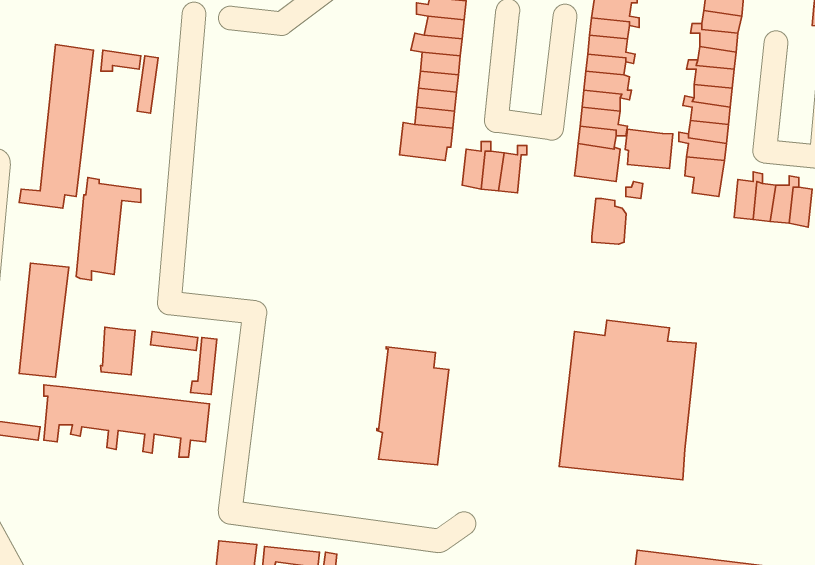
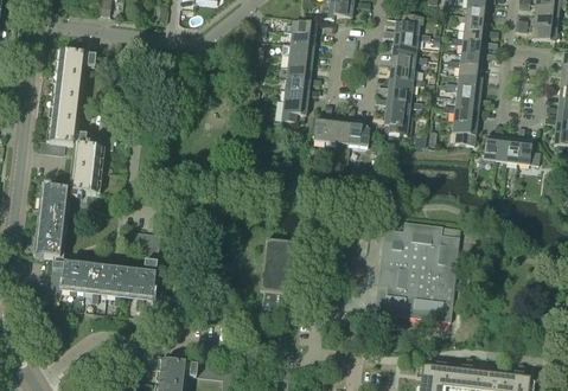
building: [625,129,673,169] -> none
building: [592,199,626,244] -> [347,117,369,146]
building: [101,327,135,375] -> none

